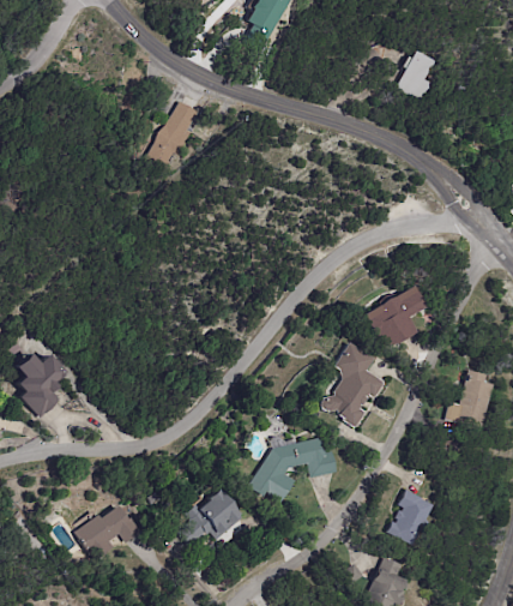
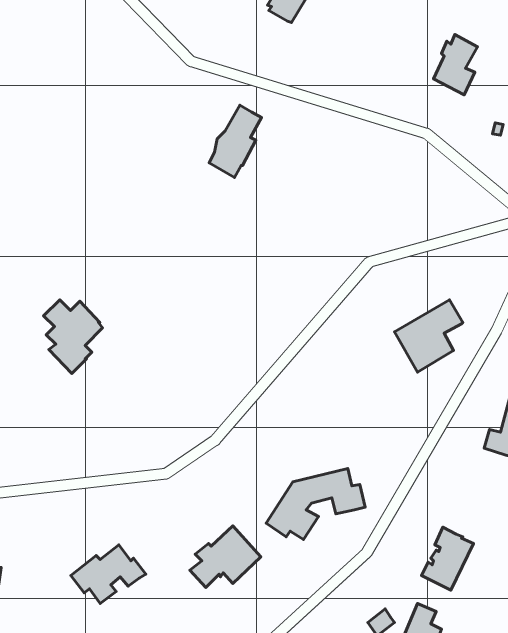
building: [153,100,200,164] -> [209,105,261,178]
building: [320,341,382,426] -> none
building: [16,350,68,416] -> [44,300,103,374]

